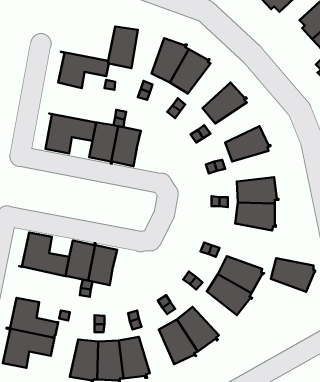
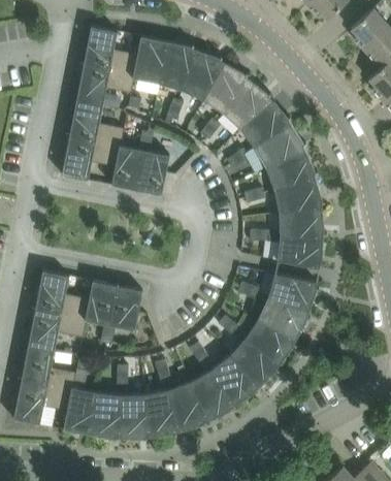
building: none -> [79,27,136,76]
building: none -> [159,42,196,91]
building: none -> [223,79,271,130]
building: none -> [65,101,124,147]
building: none -> [254,124,305,169]
building: none -> [273,179,324,214]
building: [271,258,315,292] -> [267,275,318,313]
building: none -> [28,310,86,351]
building: none -> [228,339,279,388]
building: none -> [167,382,207,431]
building: none -> [63,388,98,436]

